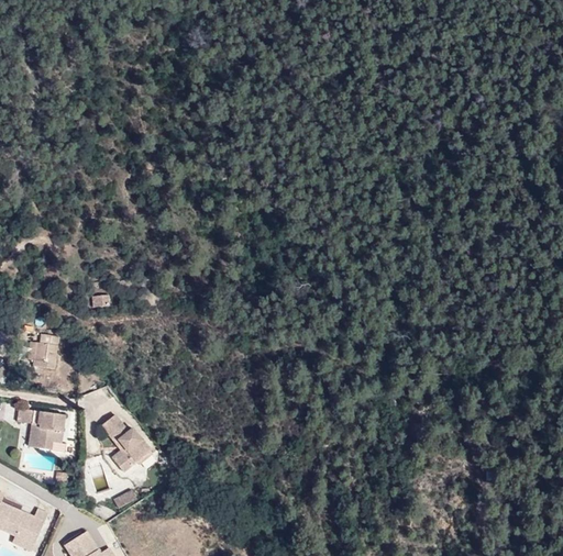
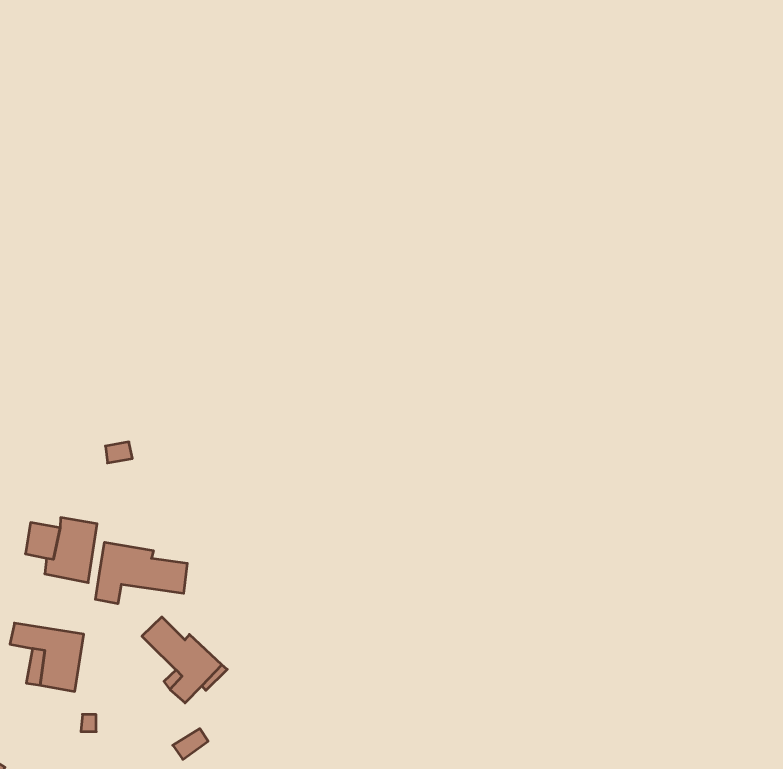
building: none -> [95,542,187,604]

